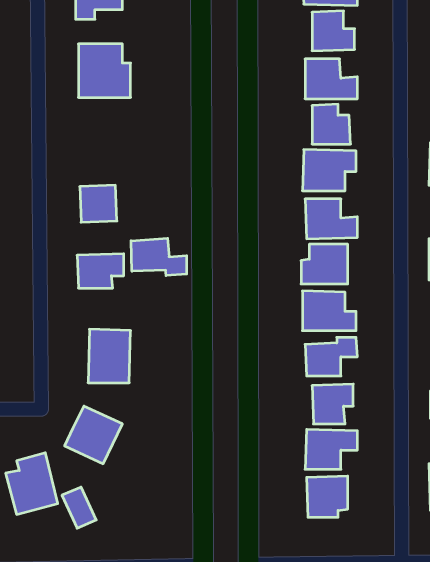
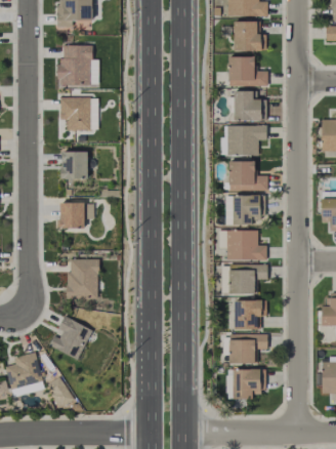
building: none -> [60,96,97,130]
building: [131,238,187,276] -> none

